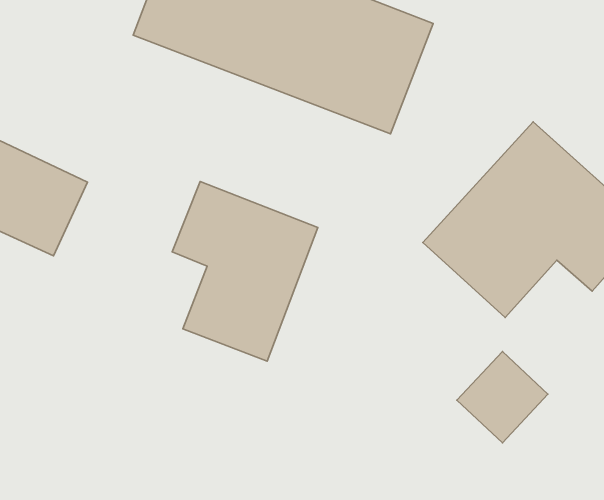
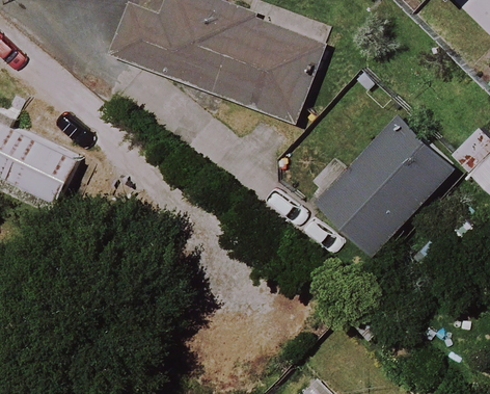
building: [172,181,318,361] -> none

